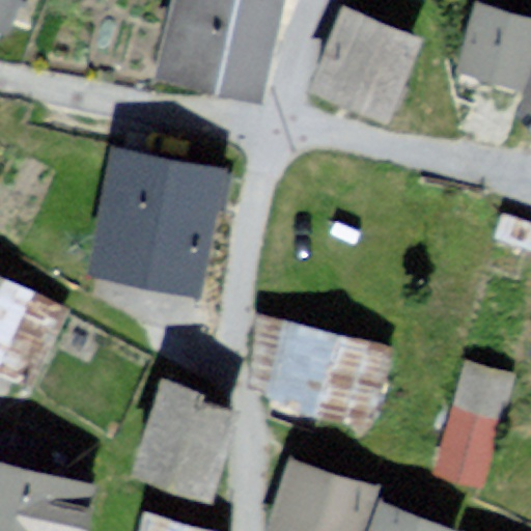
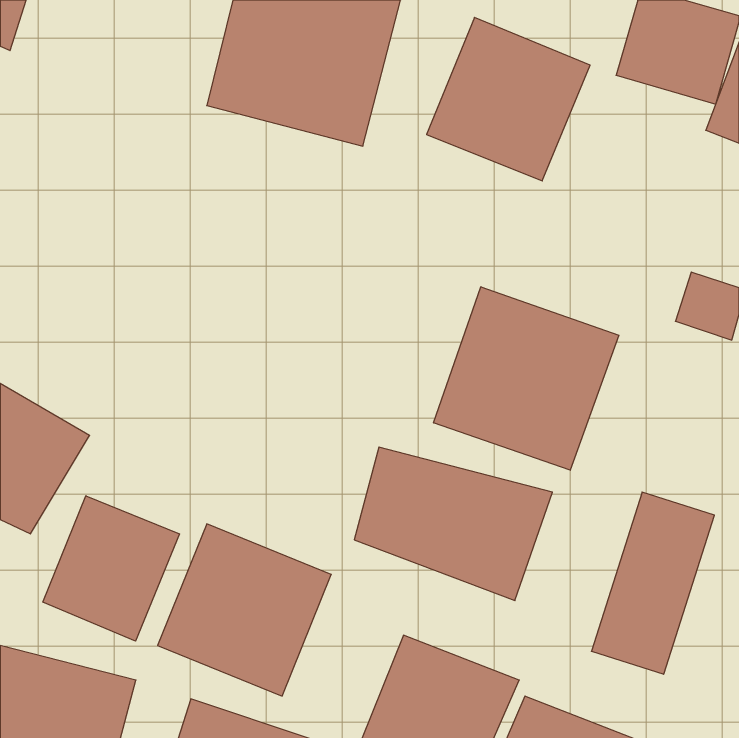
building: [86,146,239,298] -> none
building: none -> [434,287,619,470]
building: none -> [43,496,180,641]

